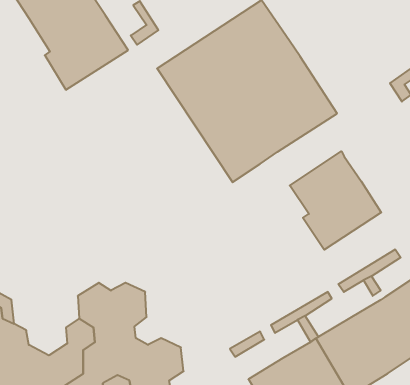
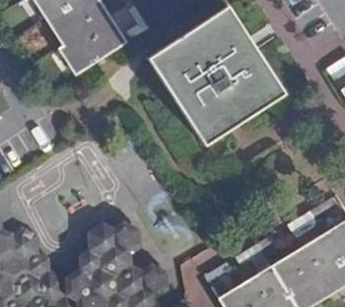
building: [290,151,381,250] -> none

